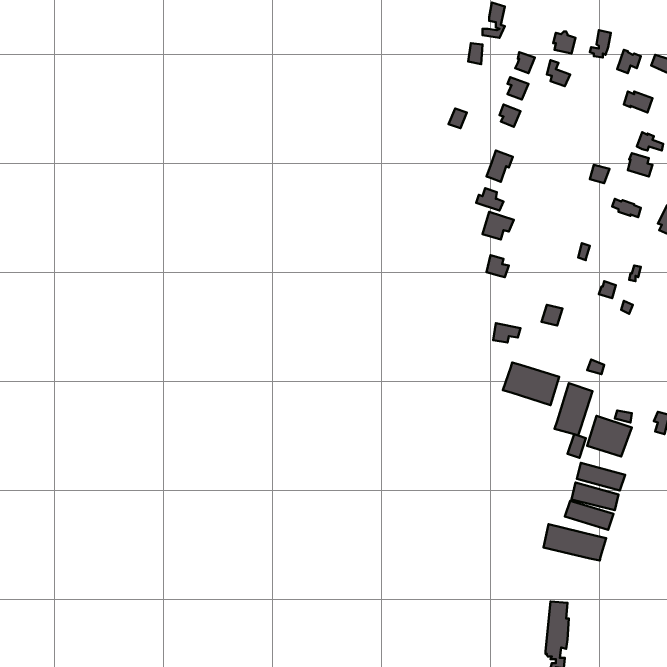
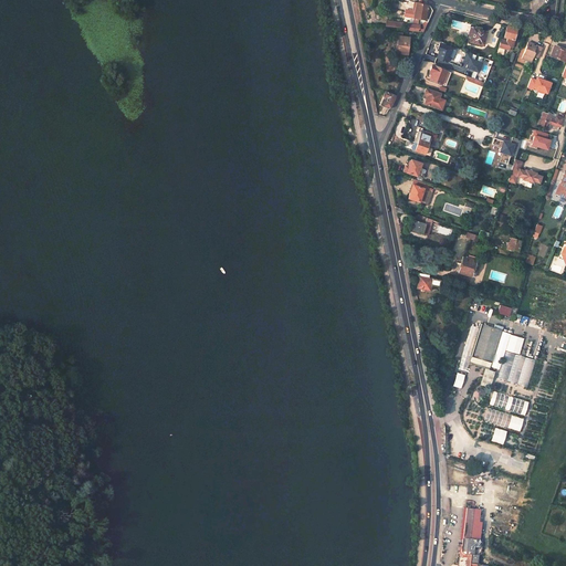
building: [503,362,559,405] -> none
building: [544,524,606,561] -> none

